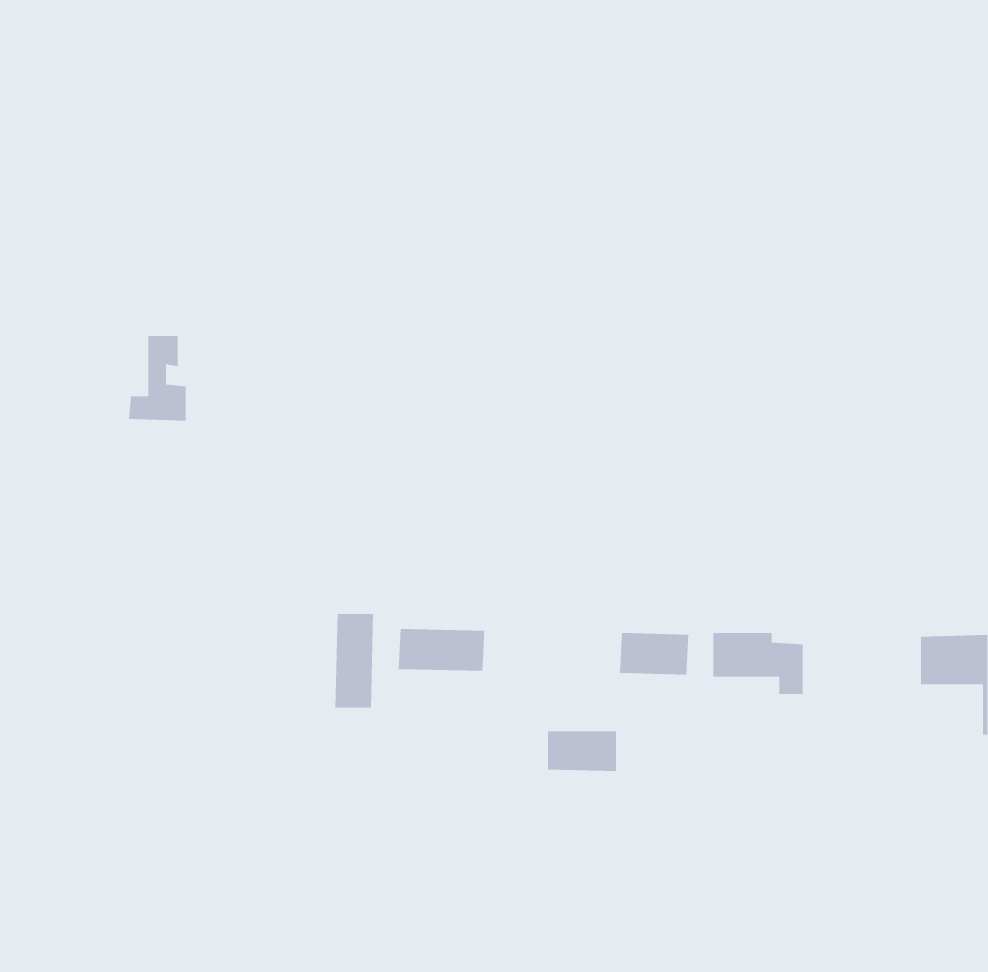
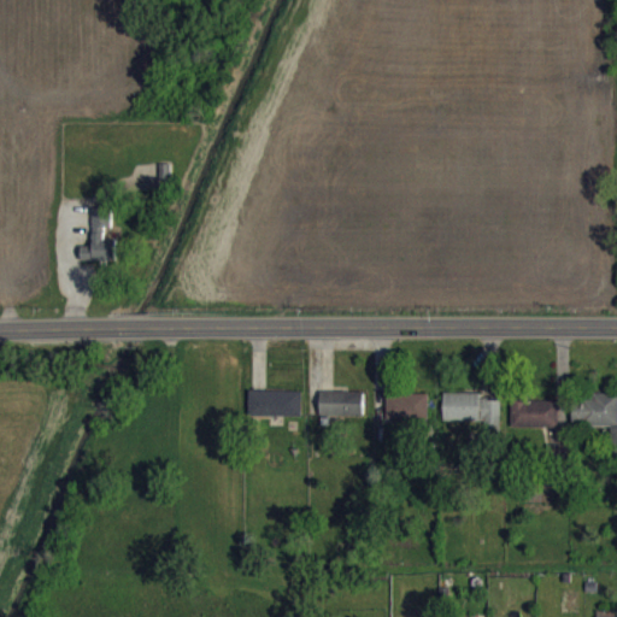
building: [335,613,374,709] -> none
building: none -> [510,399,557,428]
building: [547,731,617,772] -> [319,392,363,417]

